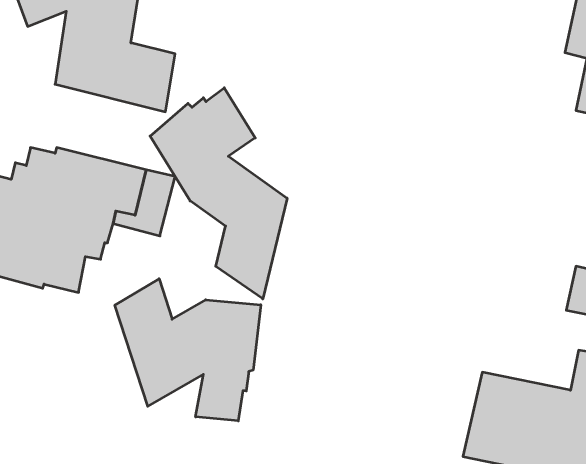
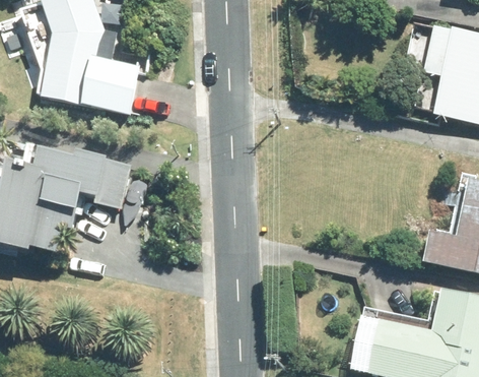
building: [150,88,287,299] -> none
building: [115,279,261,421] -> none

